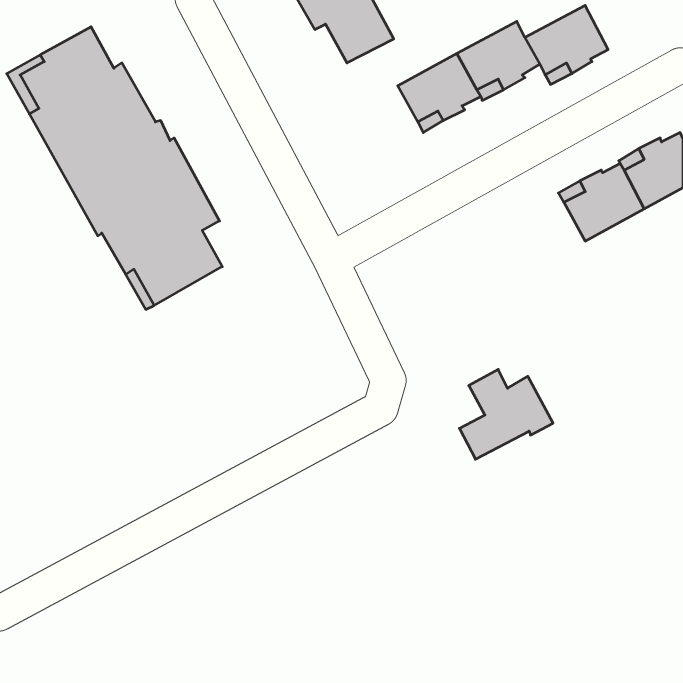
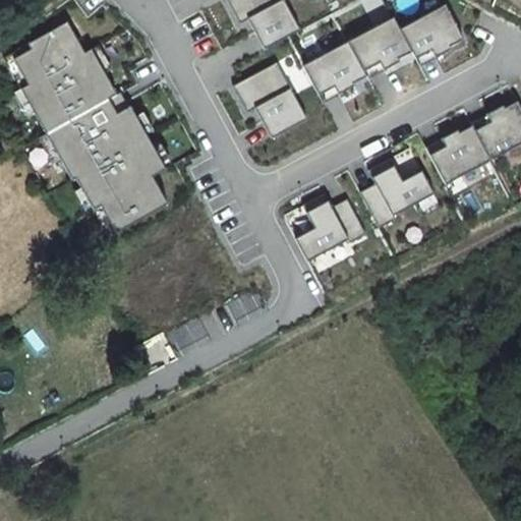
building: none -> [233,61,307,137]
building: none -> [359,158,433,226]
building: [459,369,553,459] -> [294,192,365,260]

